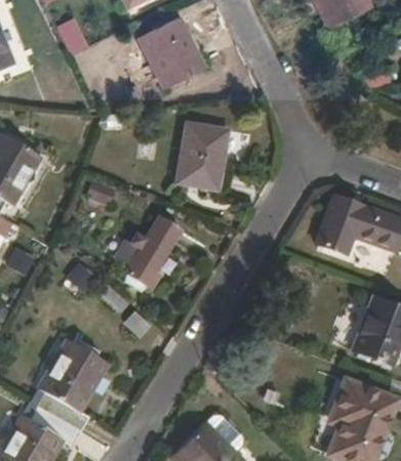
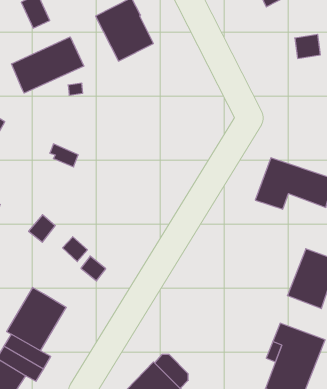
building: none -> [12,37,84,93]
building: [176,122,227,188] -> none
building: [115,216,179,291] -> none

